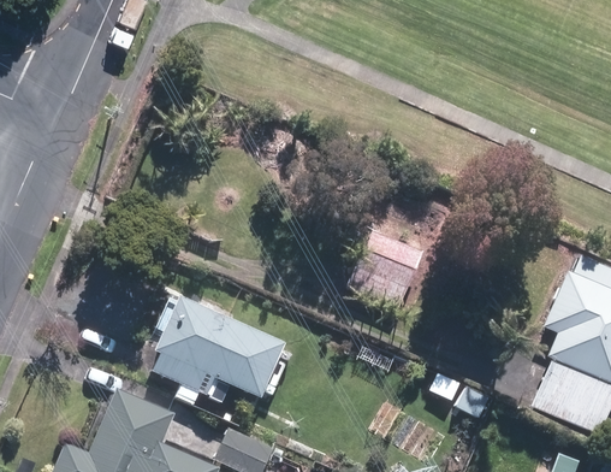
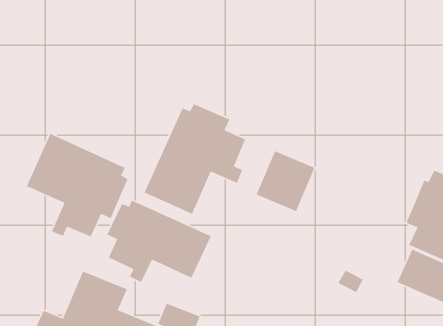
building: none -> [143,103,246,215]
building: none -> [26,133,129,238]

